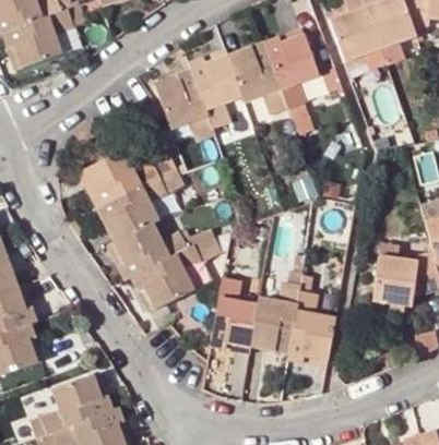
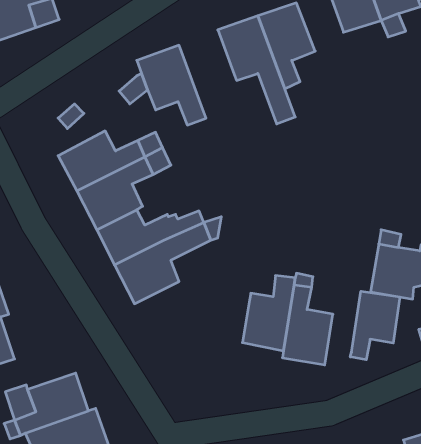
building: [190,49,244,132] -> none
building: [211,279,258,353] -> none
building: none -> [350,291,400,360]

